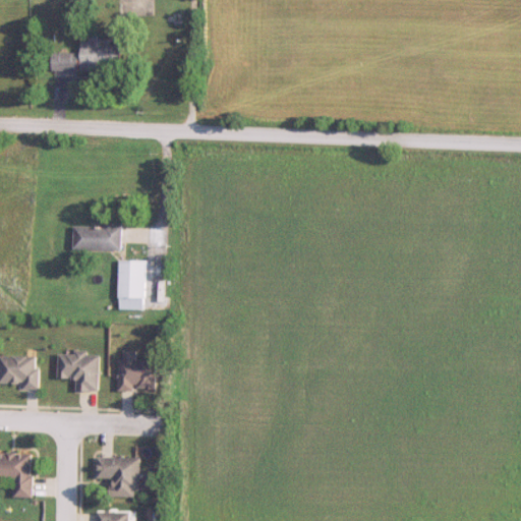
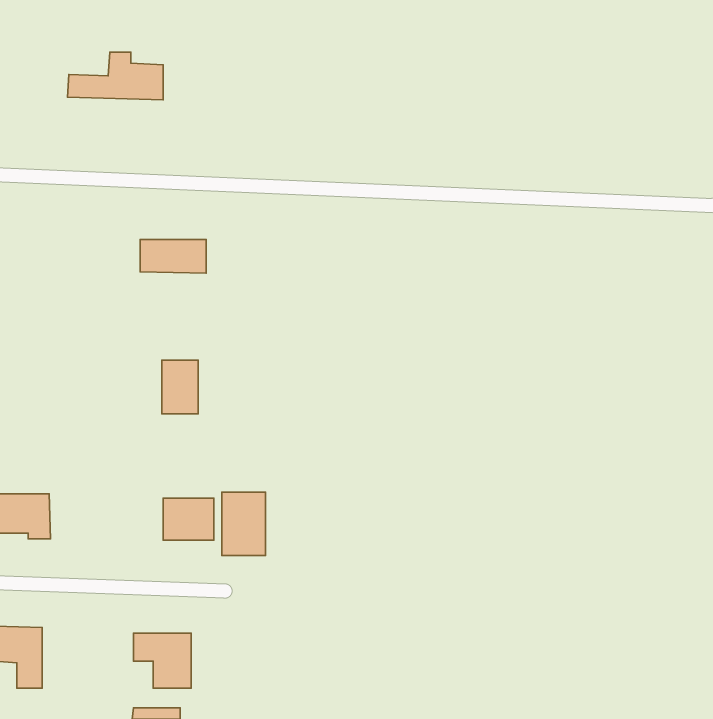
building: [71,226,119,250] -> [140,239,206,273]
building: [56,353,99,392] -> none
building: none -> [222,492,266,555]

